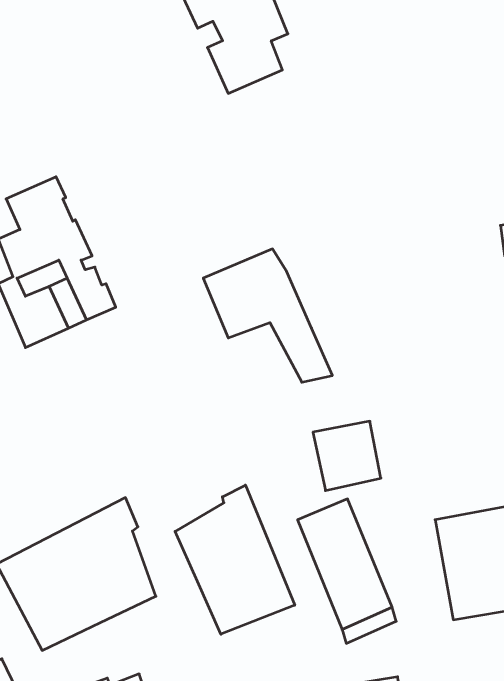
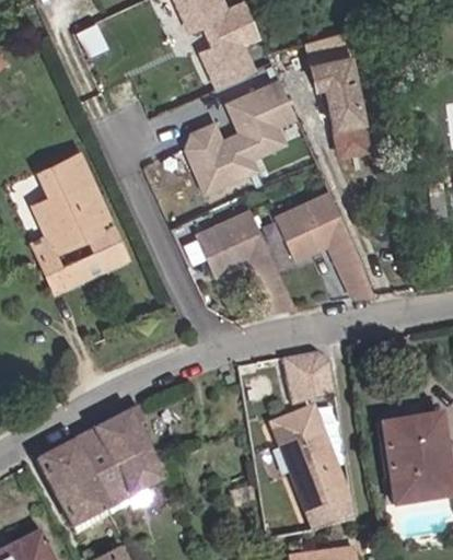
building: none -> [299,36,375,161]
building: none -> [185,79,299,197]
building: none -> [262,191,376,302]
building: [175,485,295,634] -> none

